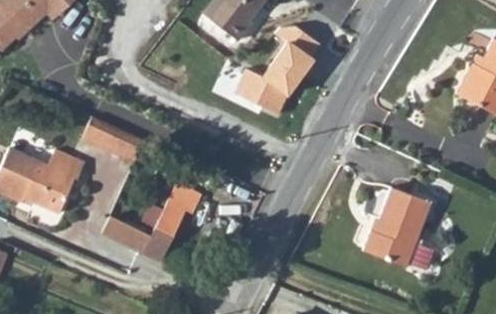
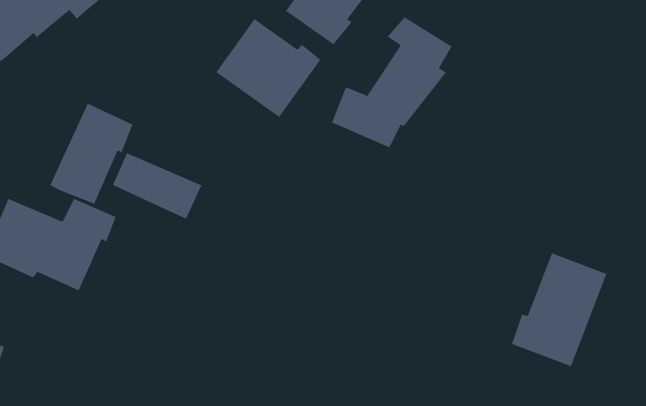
building: none -> [216,18,321,118]
building: none -> [50,103,133,204]
building: [102,179,202,262] -> none

